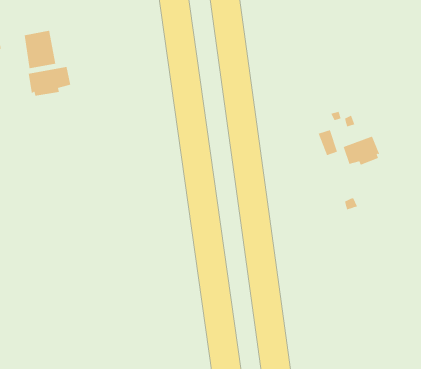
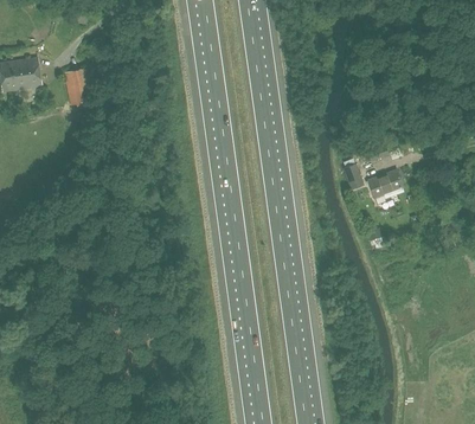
building: [28,66,71,97] -> none

